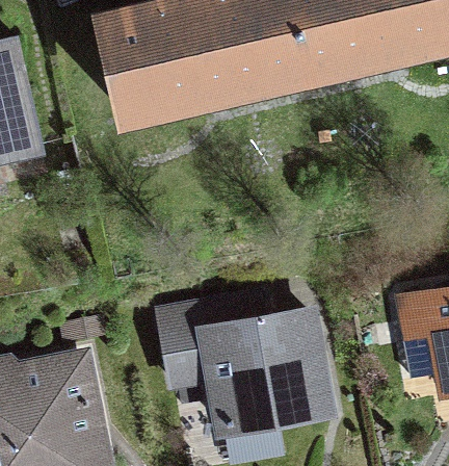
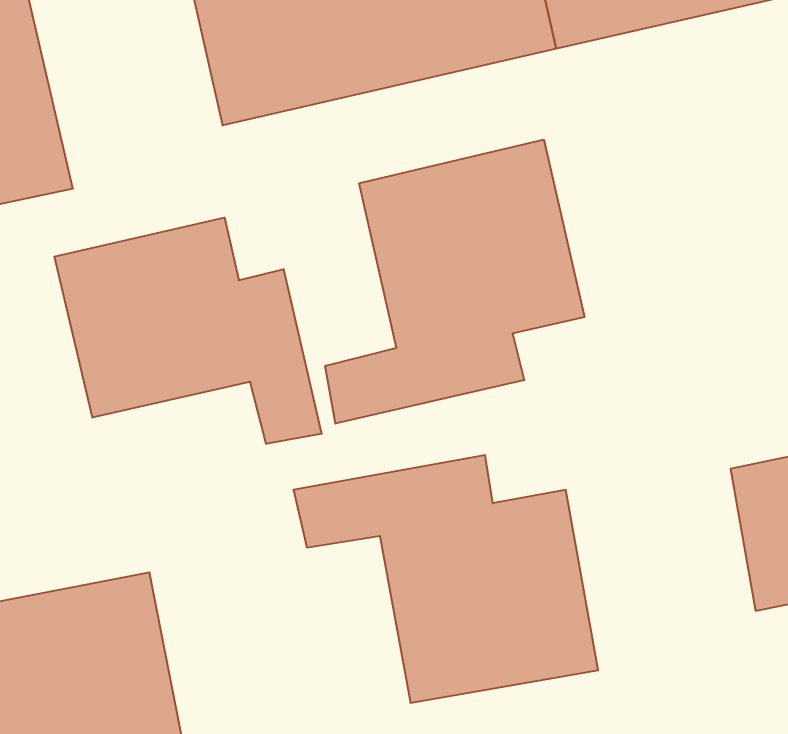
building: none -> [325,140,584,424]
building: none -> [54,218,321,444]

